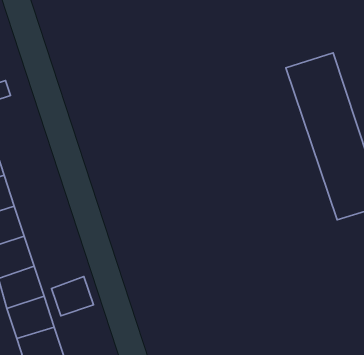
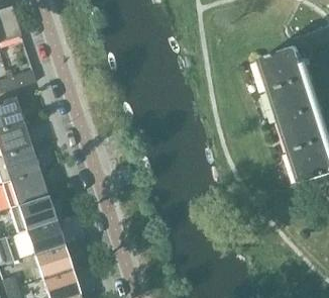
building: [52,277,93,316] -> none

